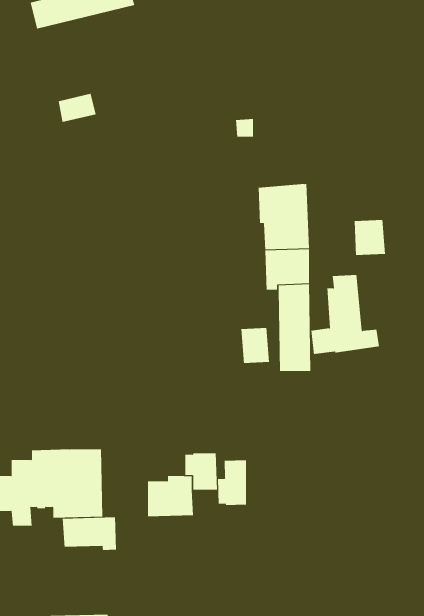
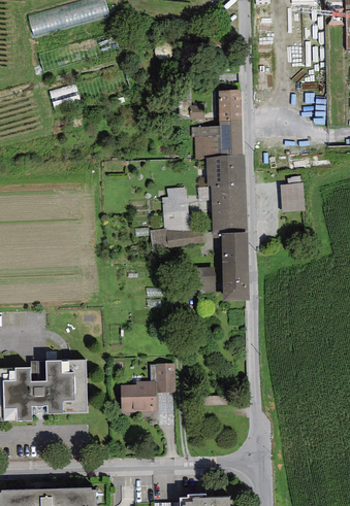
building: none -> [191,89,243,158]
building: [311,275,380,355] -> [150,187,203,248]
building: [217,460,246,506] -> none
building: [62,516,117,551] -> none

